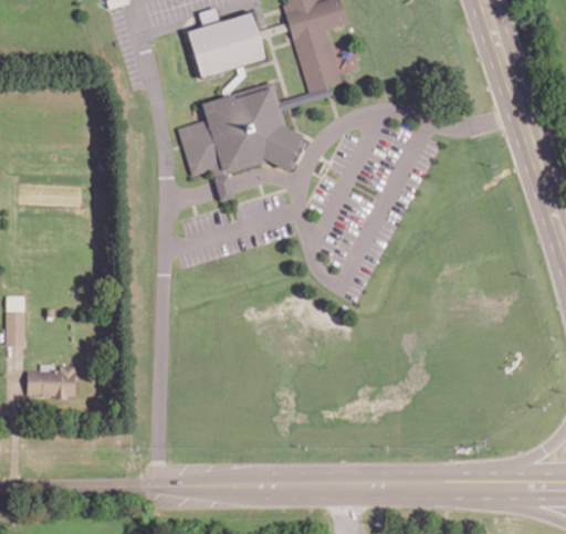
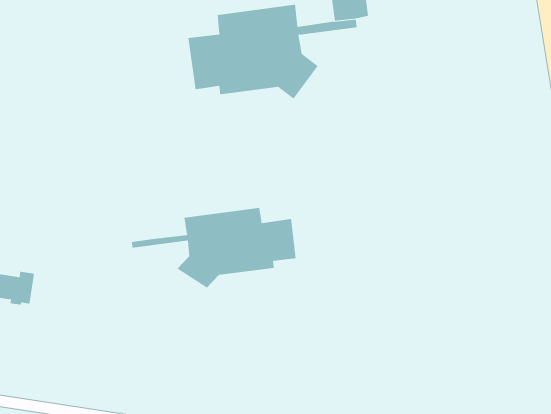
building: none -> [131,207,296,288]

